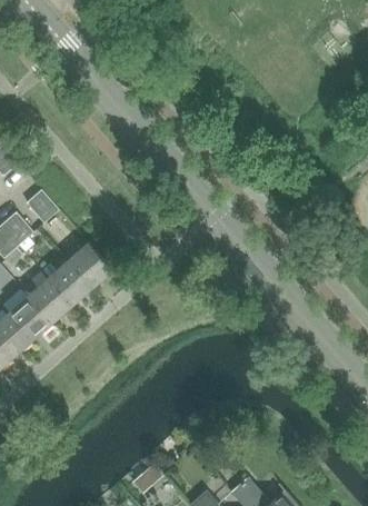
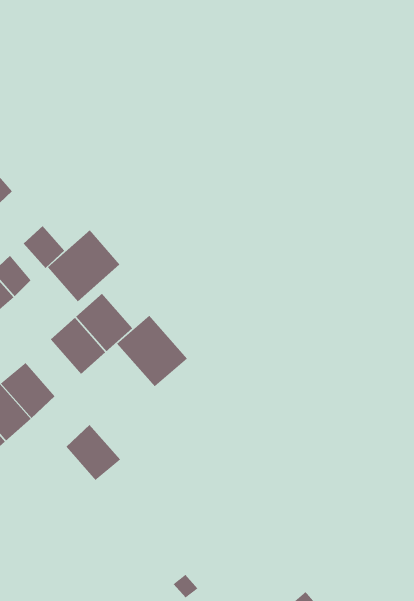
building: none -> [47,230,120,302]
building: none -> [116,315,188,387]
building: [27,279,70,324] -> [66,424,121,481]

